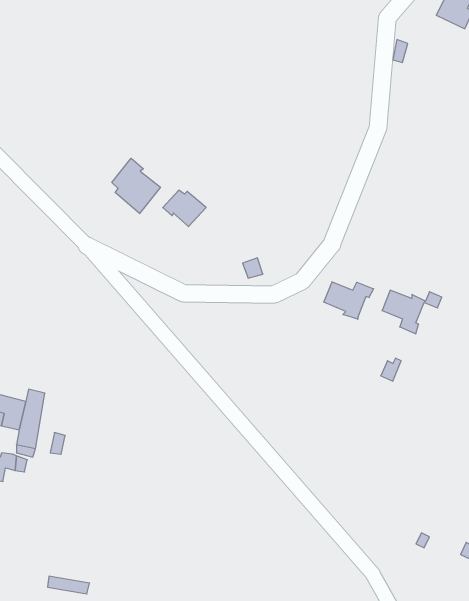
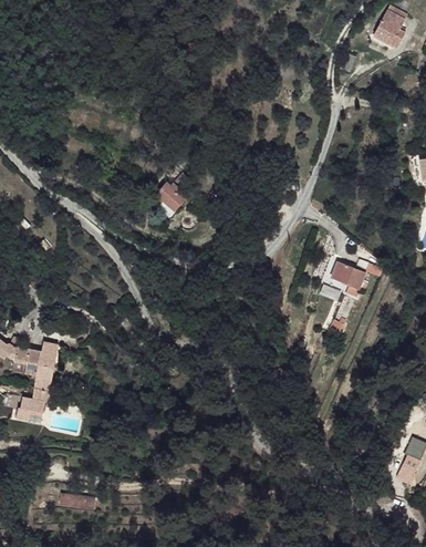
building: [112,158,160,214] -> none
building: [324,282,374,319] -> none

